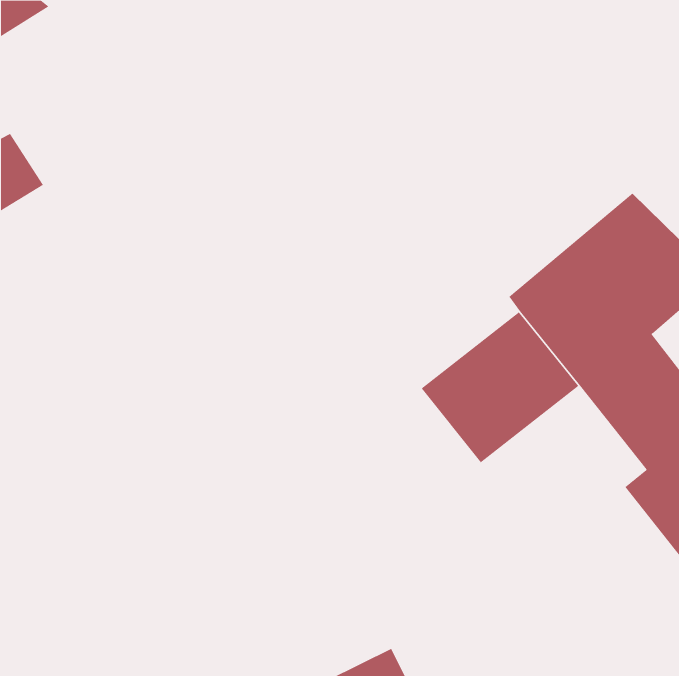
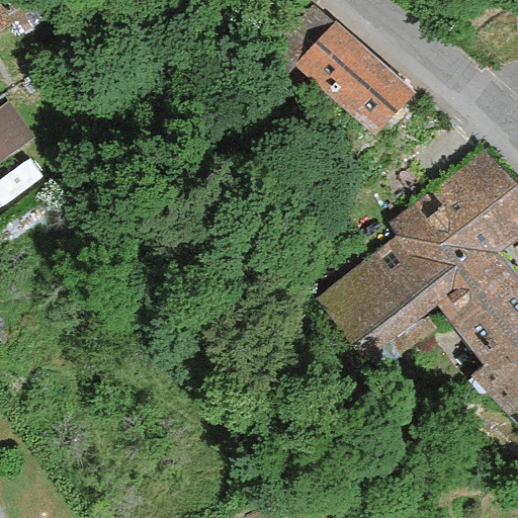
building: none -> [300,25,412,136]

